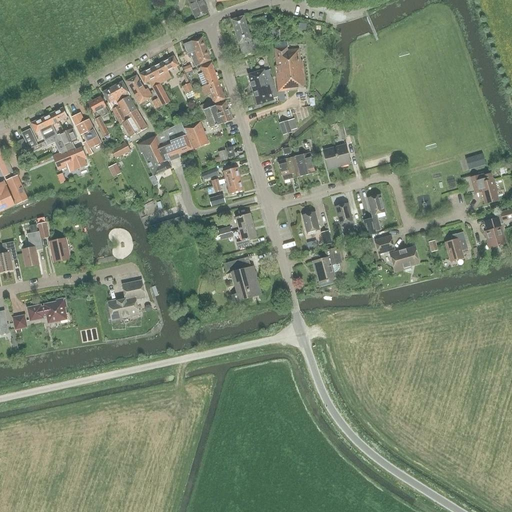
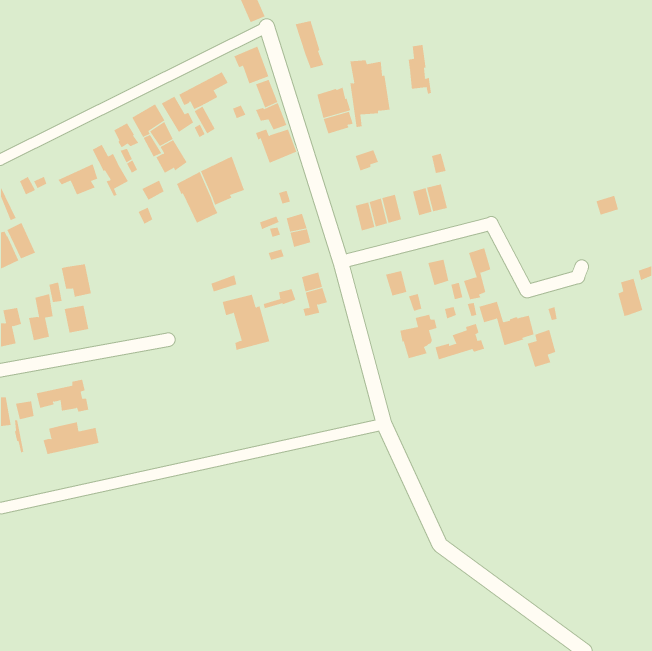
building: none -> [408,44,431,94]
building: [31,107,68,140] -> none
building: [184,121,208,149] -> none
building: [53,147,87,171] -> none
building: [471,172,498,202] -> none
building: none -> [61,264,92,298]
building: [445,231,468,261] -> [527,329,556,368]
building: none -> [435,323,485,360]
building: [223,257,261,301] -> [222,294,270,350]
building: [109,281,144,319] -> none
building: none -> [43,422,99,455]

